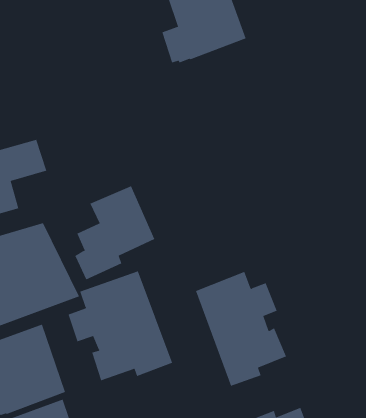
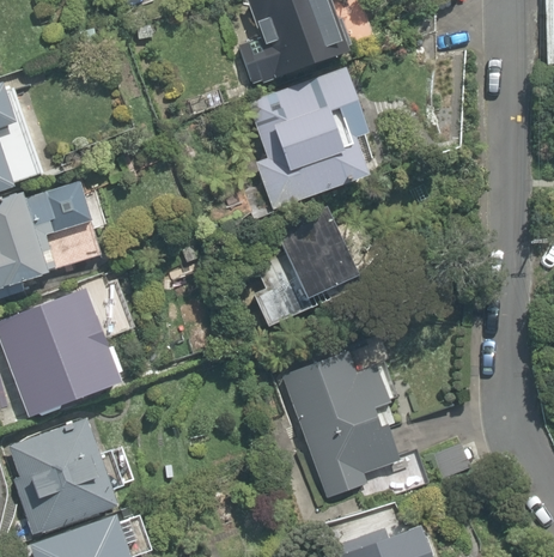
building: none -> [248,67,375,210]
building: [75,186,155,280] -> [254,205,357,326]
building: [68,270,173,381] -> none

